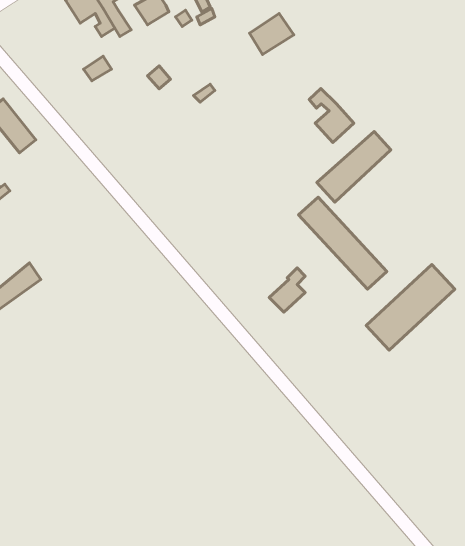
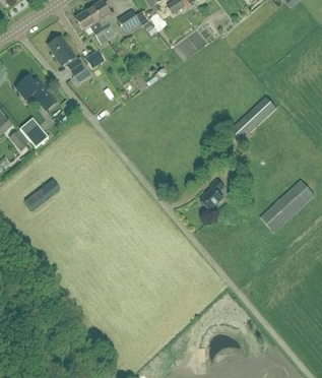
building: none -> [47,35,83,75]
building: [309,88,354,142] -> none
building: [299,197,387,289] -> none

